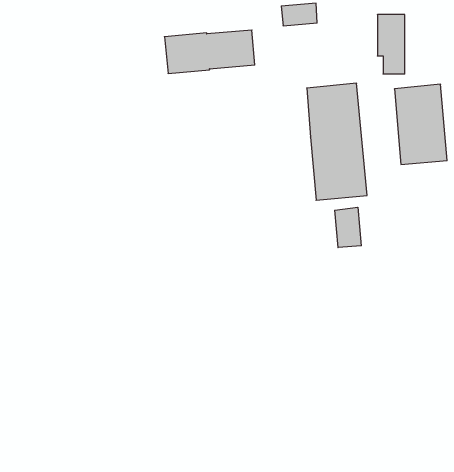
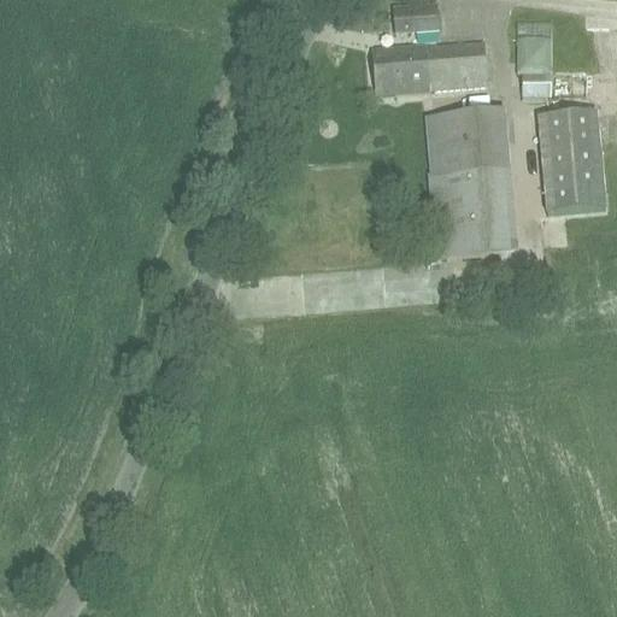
building: [164,30,255,73] -> [372,39,488,94]
building: [335,207,361,248] -> none

